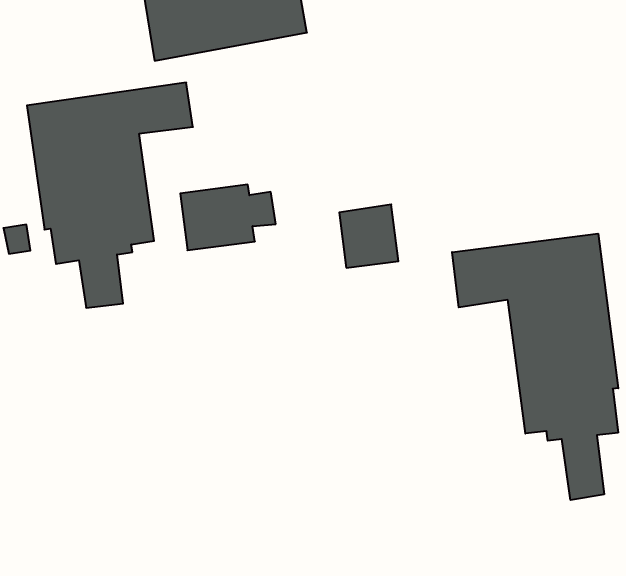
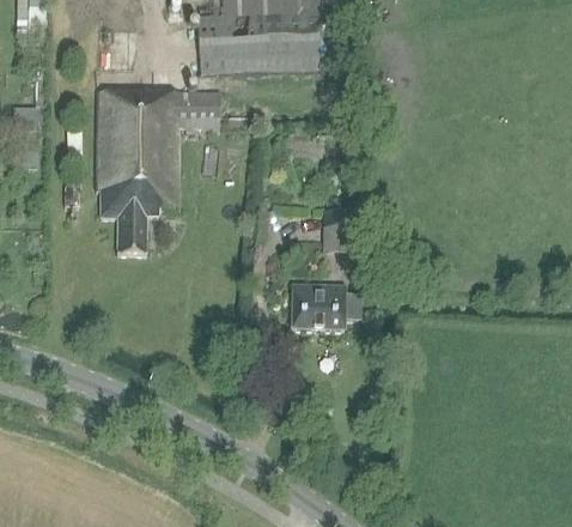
building: [180,185,276,250] -> [292,285,363,331]
building: [452,234,618,500] -> none

